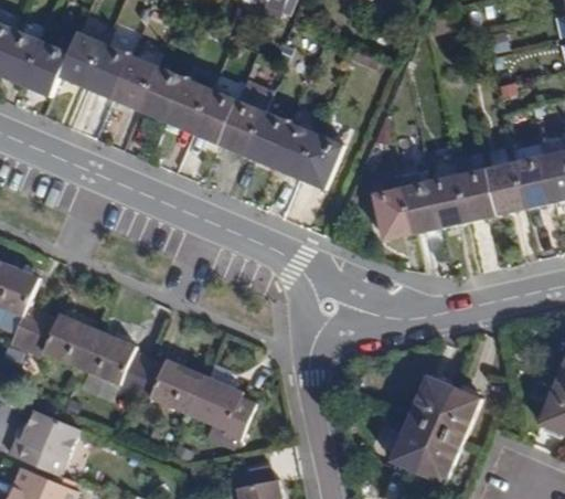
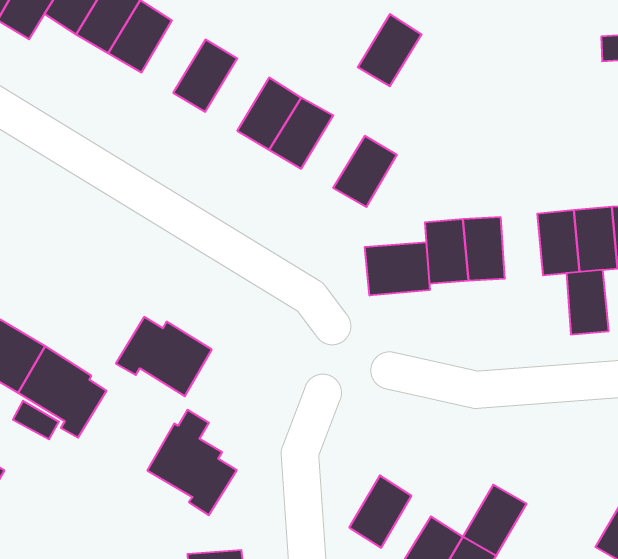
building: [139,66,184,121] -> none
building: [192,88,237,144] -> none
building: [271,121,317,177] -> [358,14,422,86]
building: [429,174,468,227] -> [566,270,609,334]
building: none -> [365,242,430,296]
building: [130,357,202,413] -> [116,317,212,396]
building: [408,374,452,429] -> [349,475,411,548]

